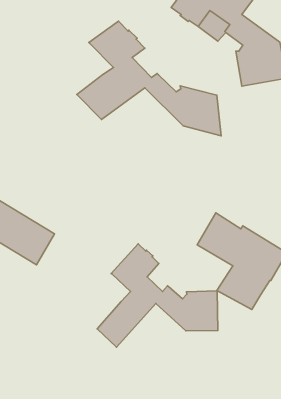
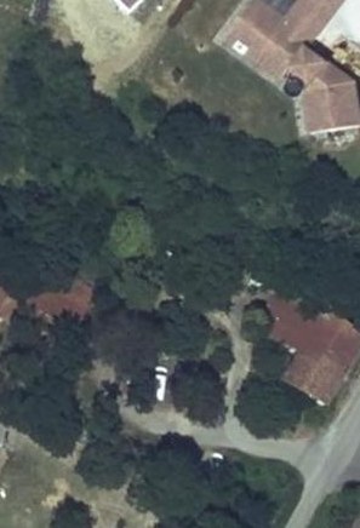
building: [77,21,221,136] -> none
building: [97,244,218,347] -> none

